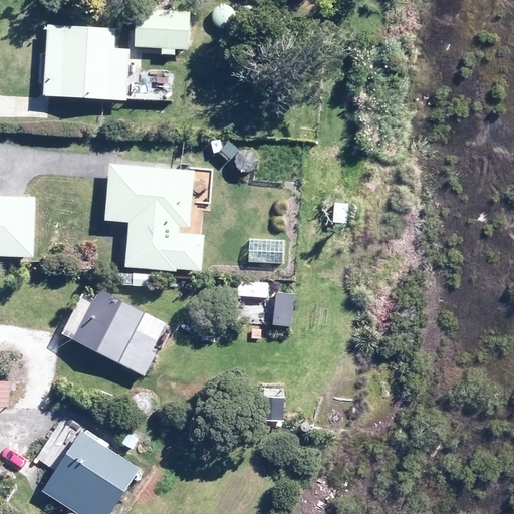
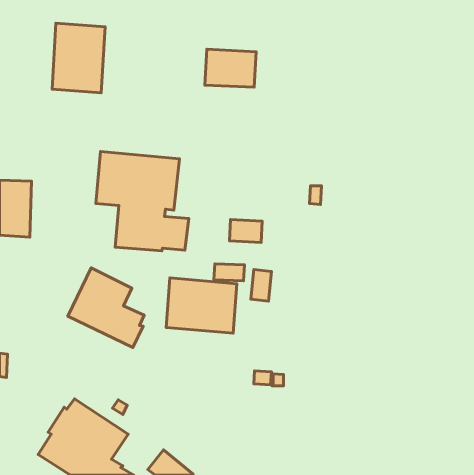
building: [133,9,188,50] -> [205,49,256,87]
building: none -> [166,278,237,333]

